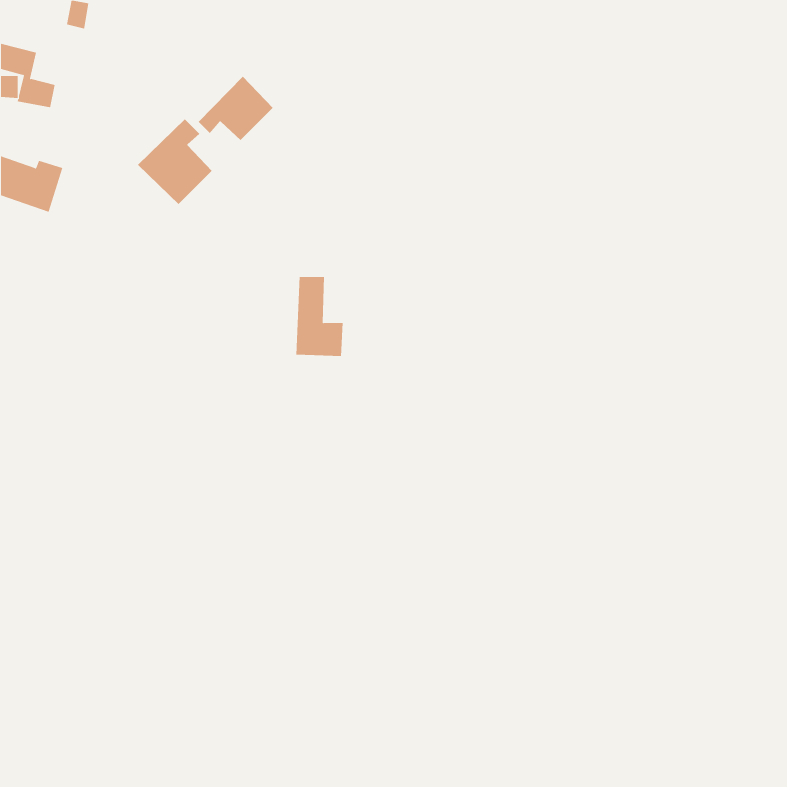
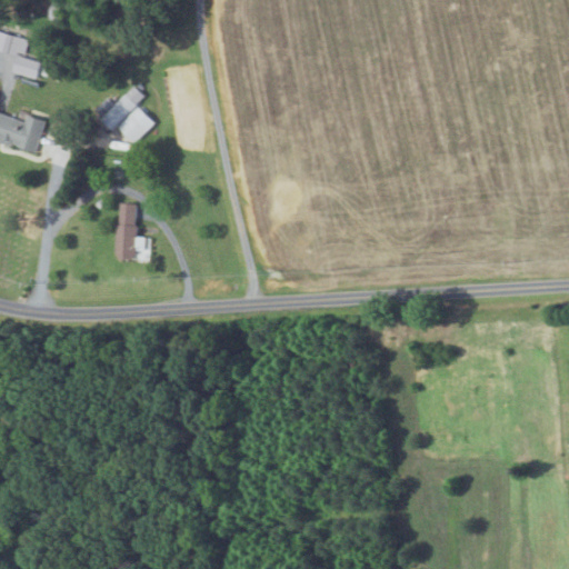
building: [198,76,273,141] -> none
building: [296,276,343,356] -> [116,203,150,261]

